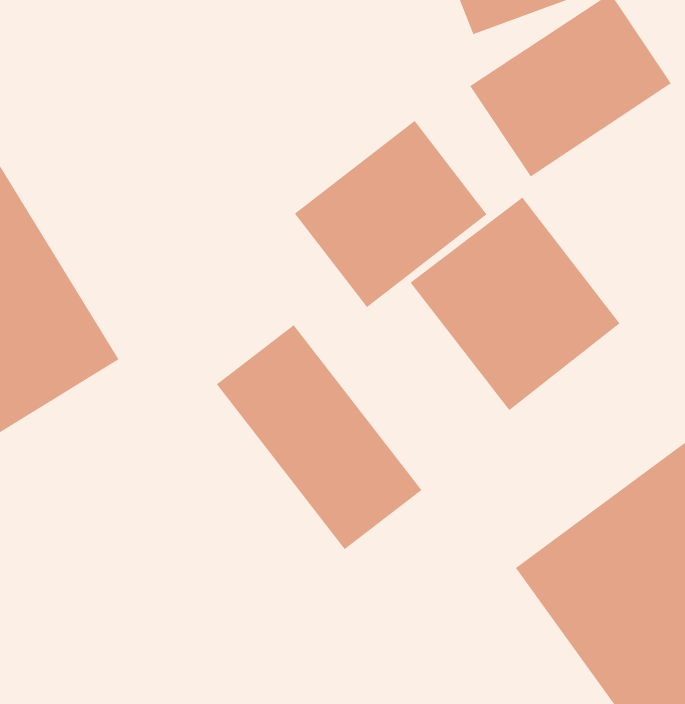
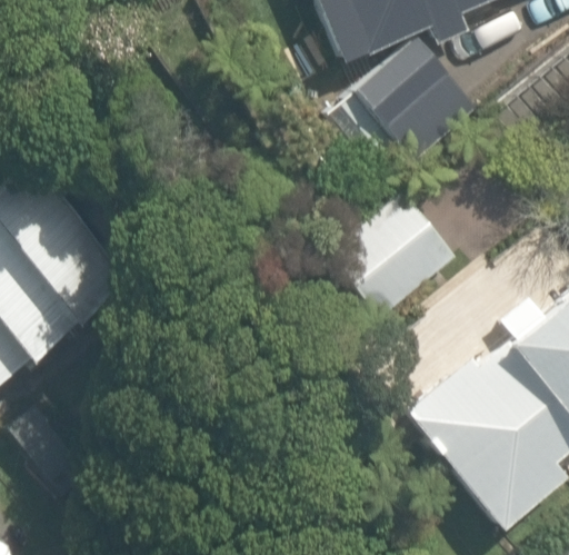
building: [294,120,488,308] -> none
building: [216,324,423,550] -> none

